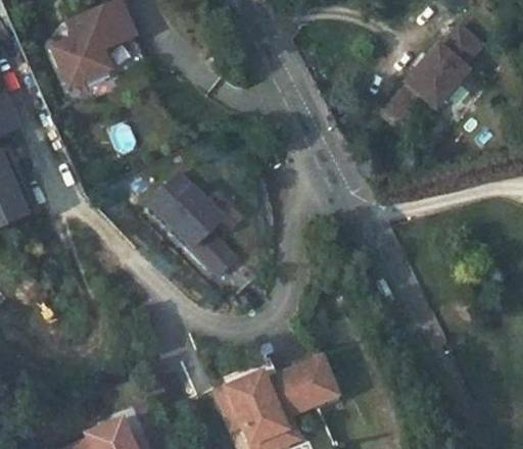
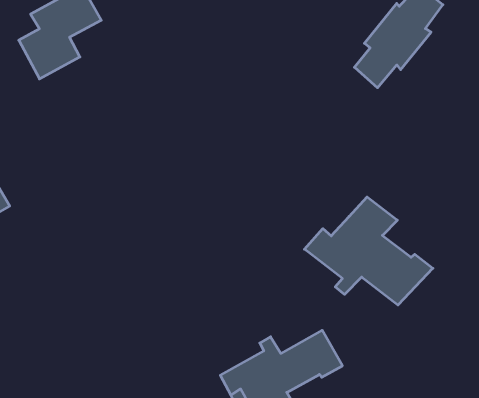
building: [148,177,232,279] -> none
building: none -> [304,197,433,305]

